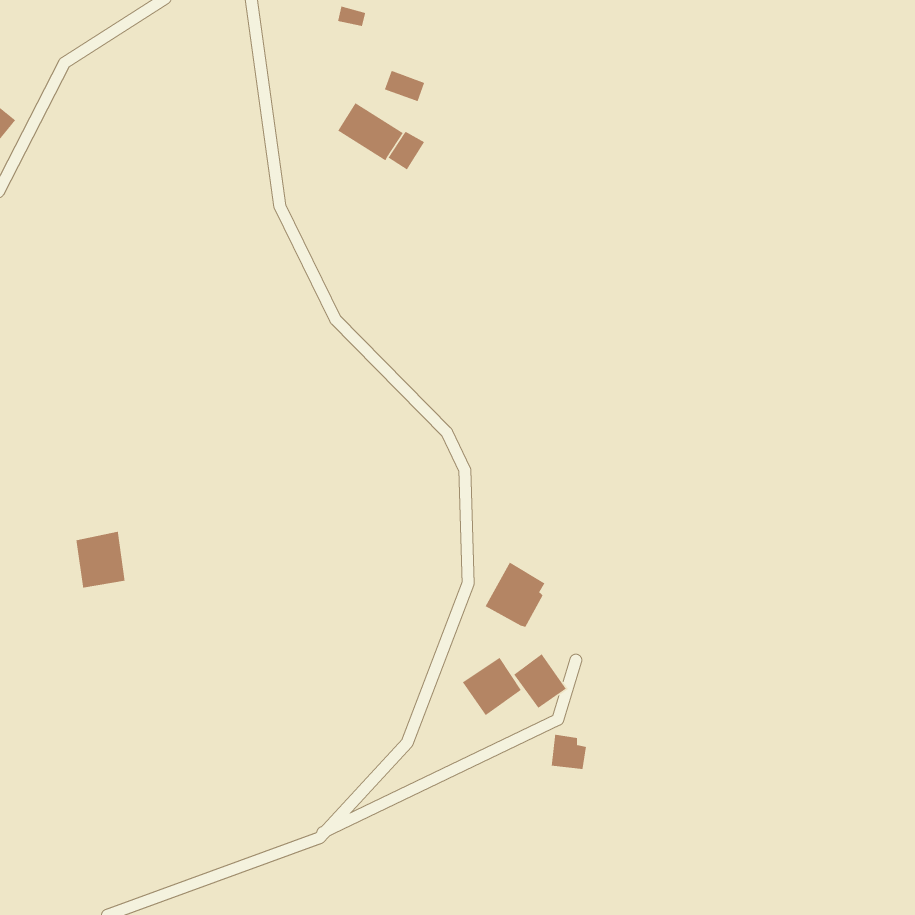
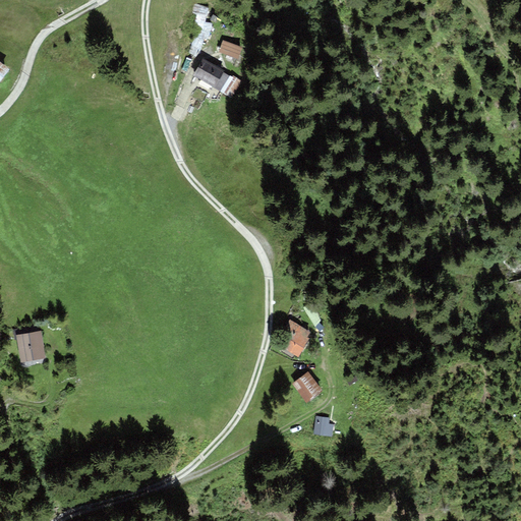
building: [75,531,126,588] -> [15,330,44,362]
building: [462,657,522,716] -> none

